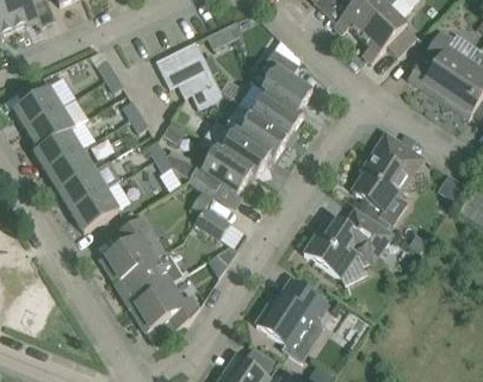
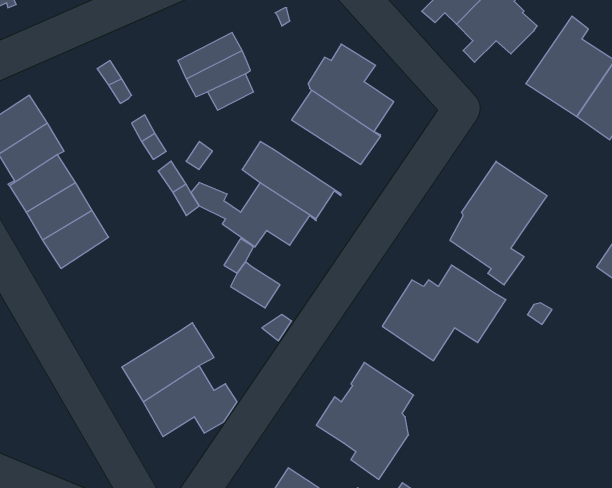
building: [225,104,289,157] -> none
building: [72,188,119,231] -> none
building: [100,214,156,282] -> none

